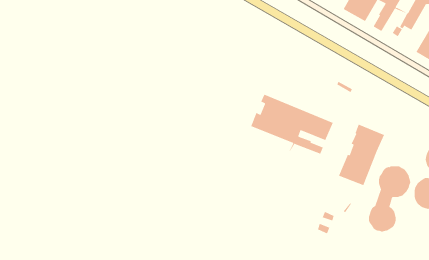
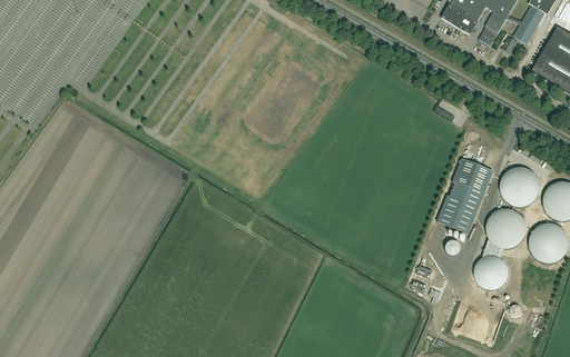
building: [250,94,333,155] -> none
building: none -> [499,166,539,205]

